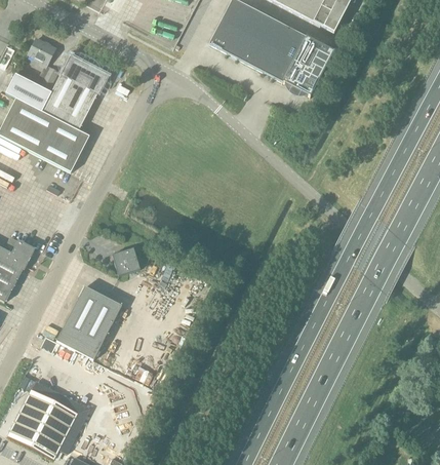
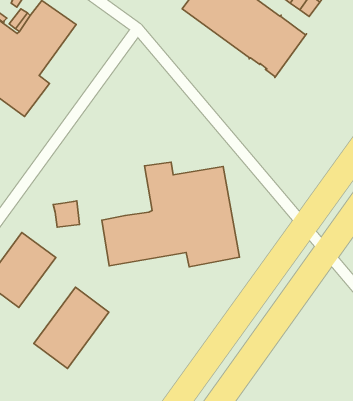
building: none -> [102,162,239,267]
building: none -> [34,287,109,368]

